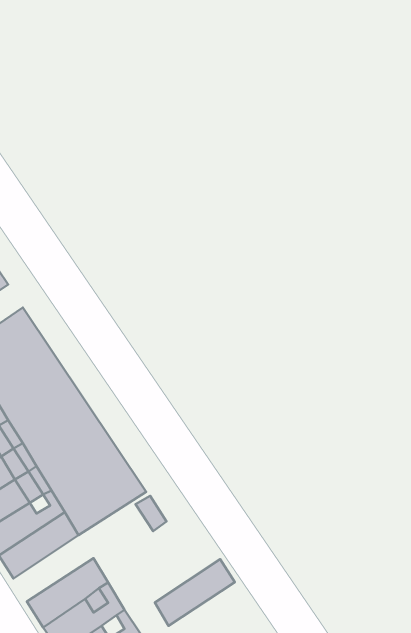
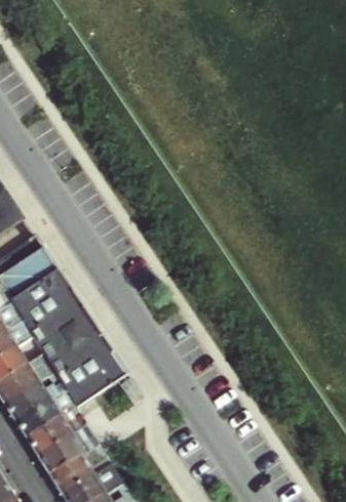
building: [155,559,235,626] -> [26,406,86,456]

